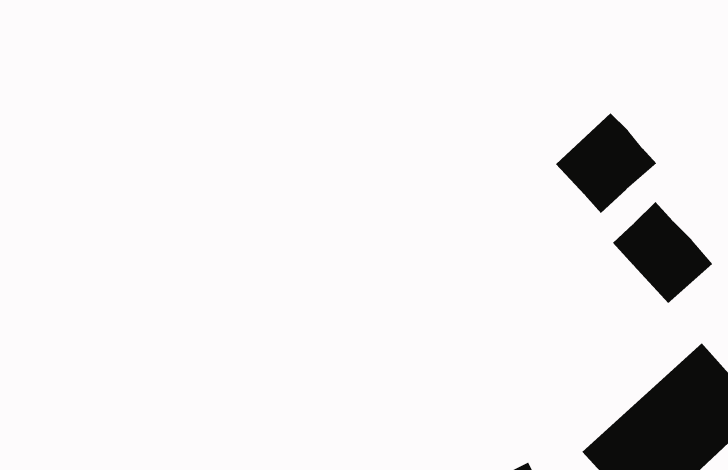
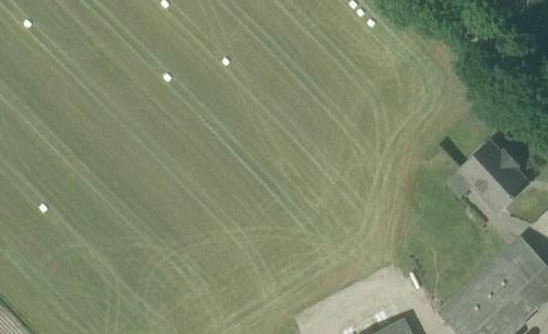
building: [555,112,657,214] -> none

